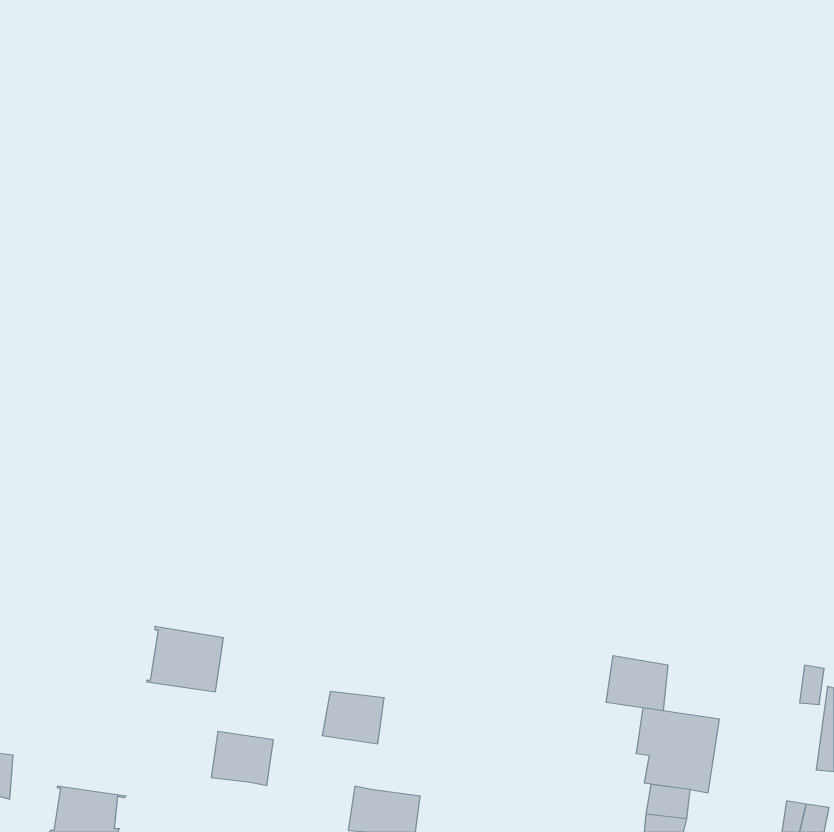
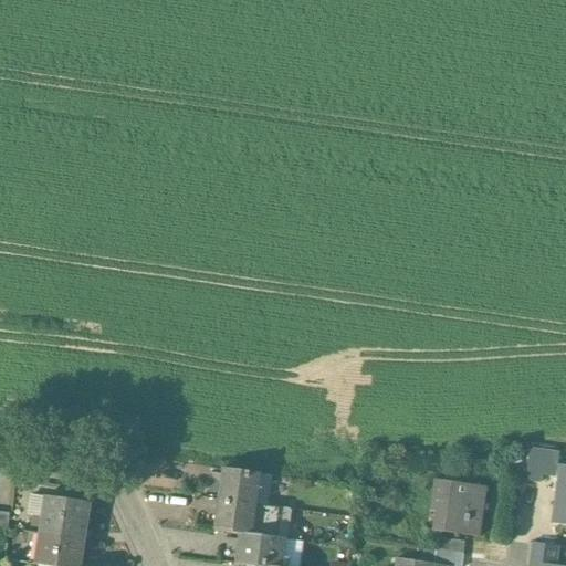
building: [147,626,224,692] -> [39,494,91,538]
building: [606,656,668,711] -> none
building: [211,732,273,786] -> [213,497,255,534]

